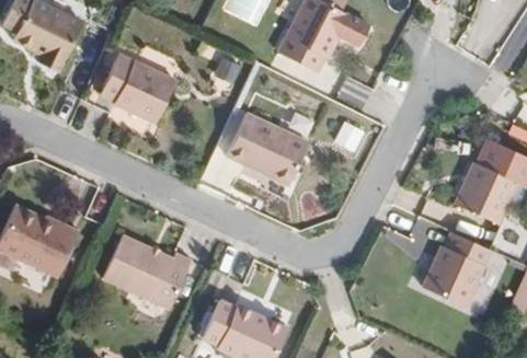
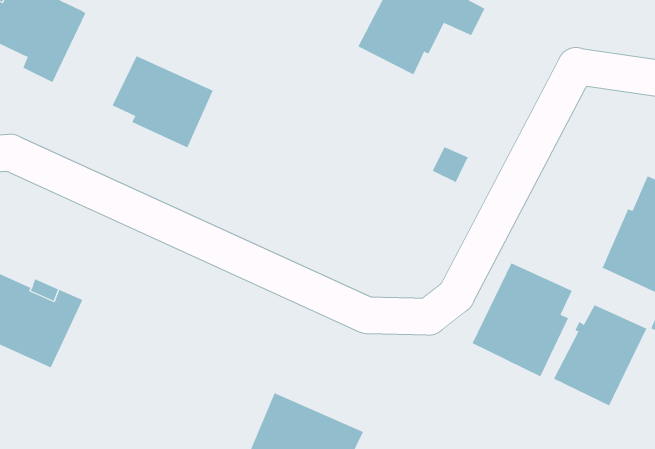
building: [227,111,308,180] -> none
building: none -> [472,262,573,377]
building: [102,235,188,310] -> none

